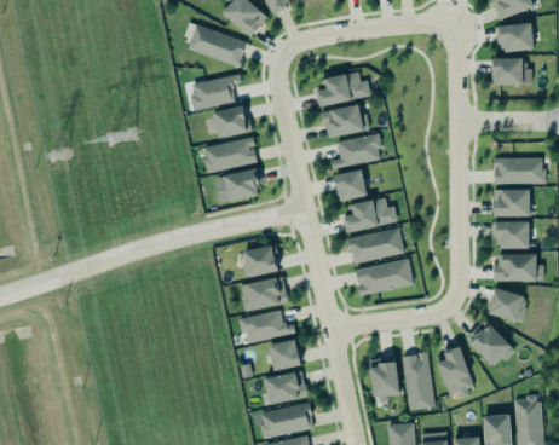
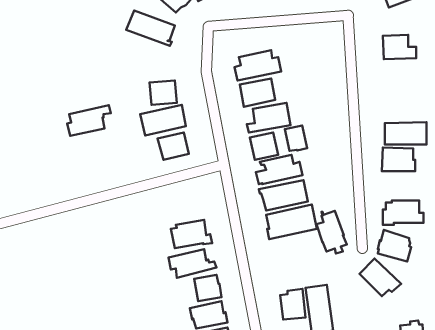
building: [497,24,534,52] -> none
building: [189,73,241,109] -> [67,105,111,136]
building: none -> [285,125,307,151]
building: [494,221,530,249] -> none
building: [242,243,277,277] -> none
building: [437,346,473,397] -> [316,211,347,254]

